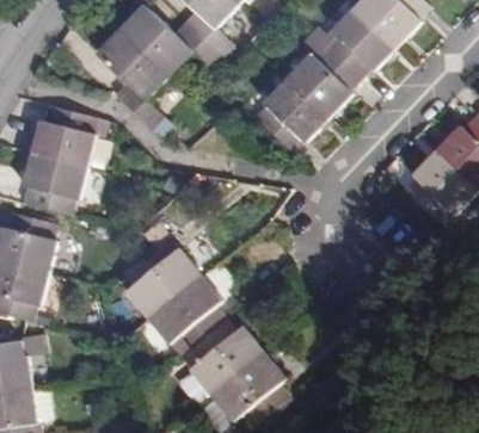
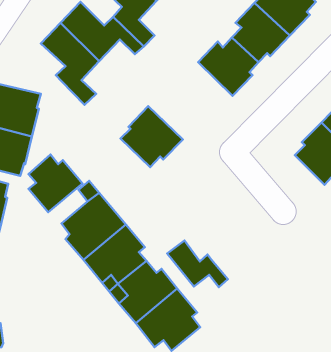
building: [252,78,327,151] -> [121,106,183,167]
building: none -> [29,155,83,212]
building: none -> [167,240,228,287]

